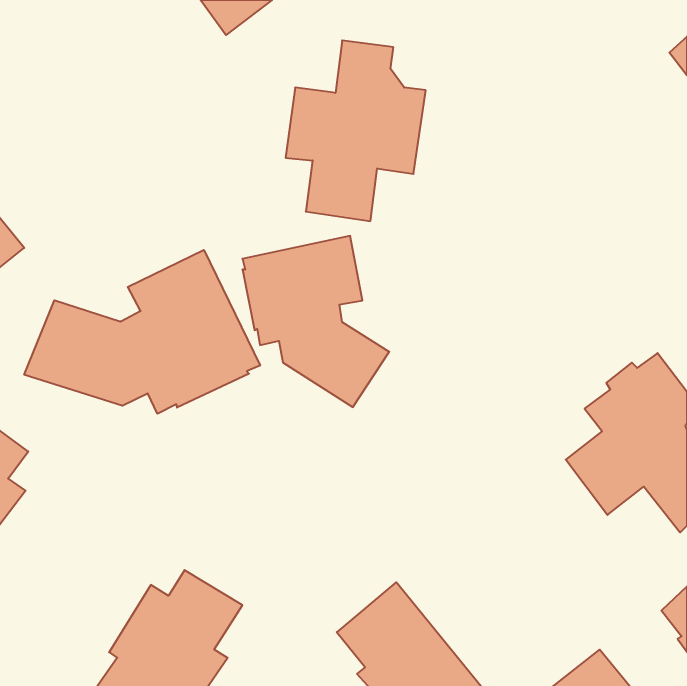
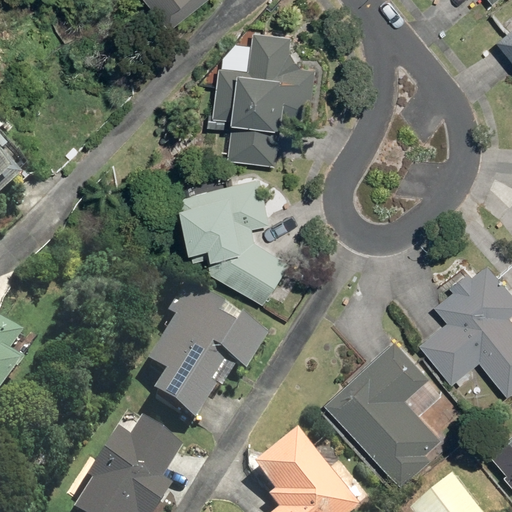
building: [24,250,260,414] -> none
building: none -> [136,288,265,427]
building: none -> [324,341,441,487]

